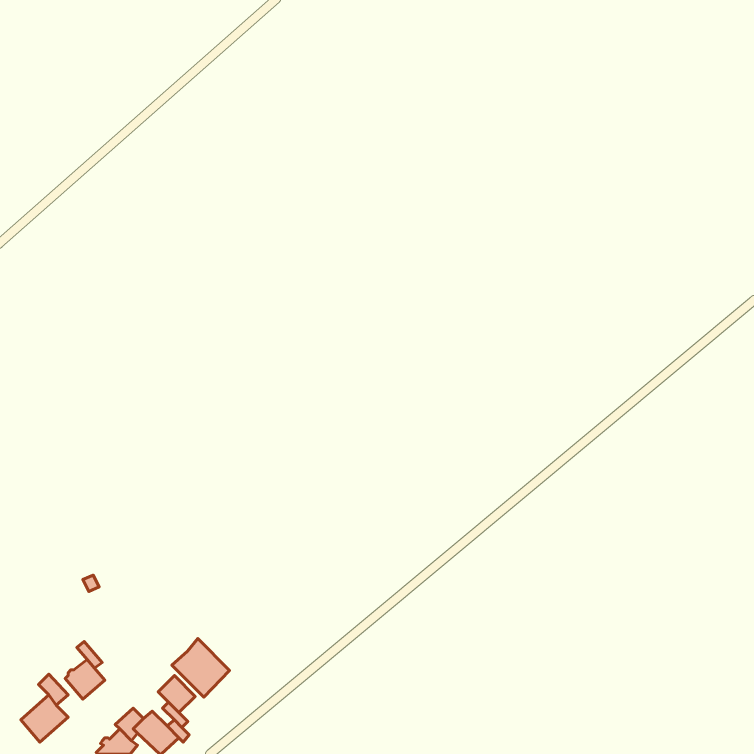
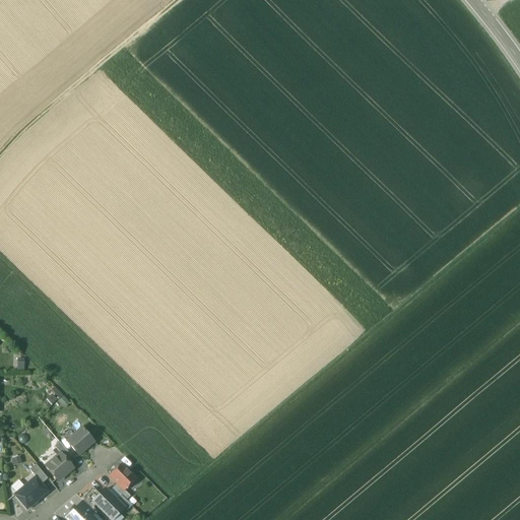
building: none -> [65,428,92,454]
building: [172,639,230,697] -> none

